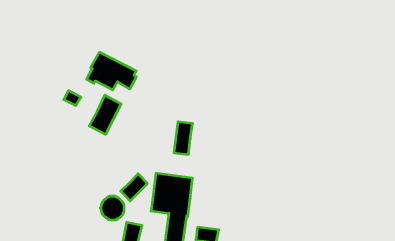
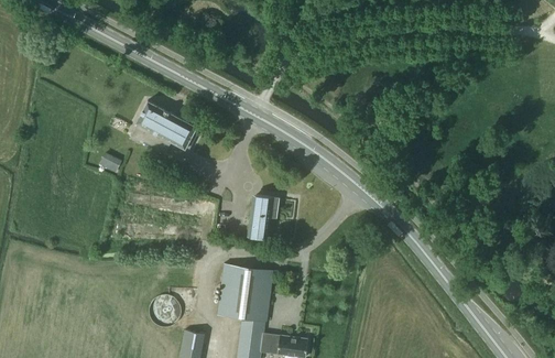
building: [89,95,121,134] -> none
building: [121,174,147,201] -> none

